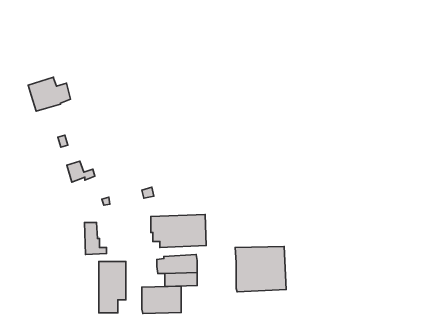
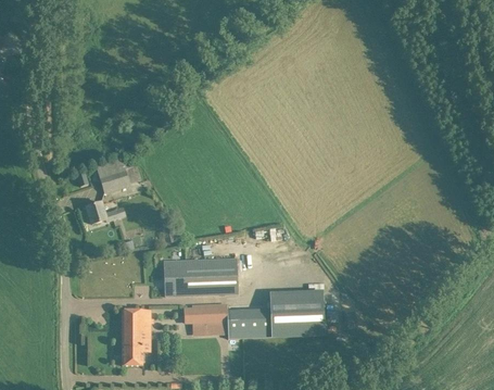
building: [28,77,70,111] -> [94,154,140,191]
building: [84,222,106,255] -> [163,260,187,294]
building: [142,286,181,313] -> [227,310,269,339]

